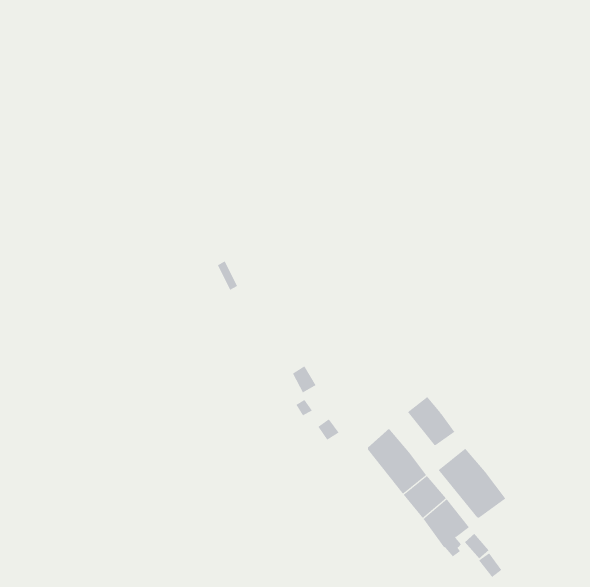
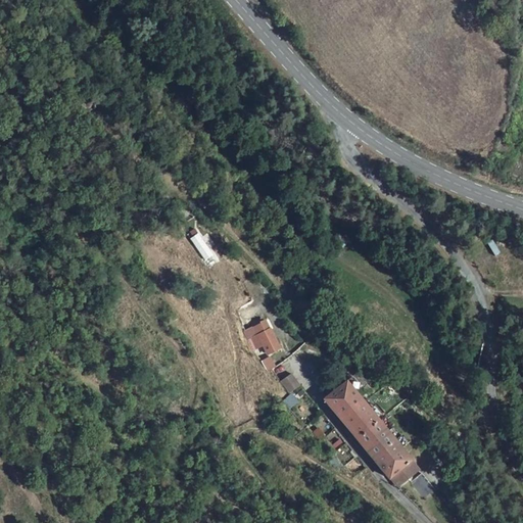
building: [407,396,455,446] -> none
building: [438,448,506,518] -> none

